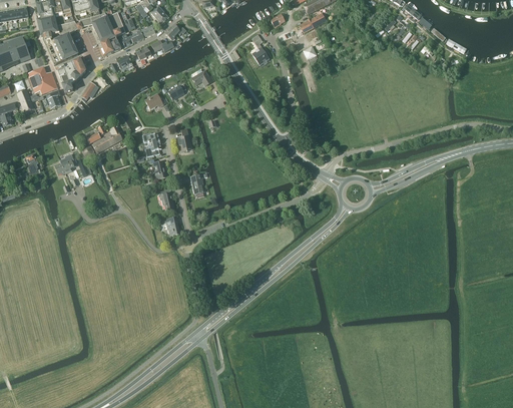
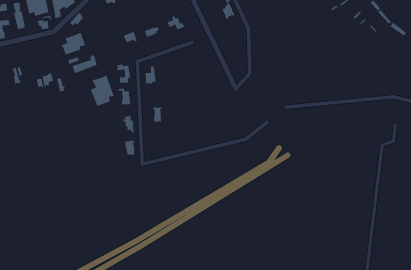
building: none -> [61,32,86,56]
building: none -> [90,75,115,107]

